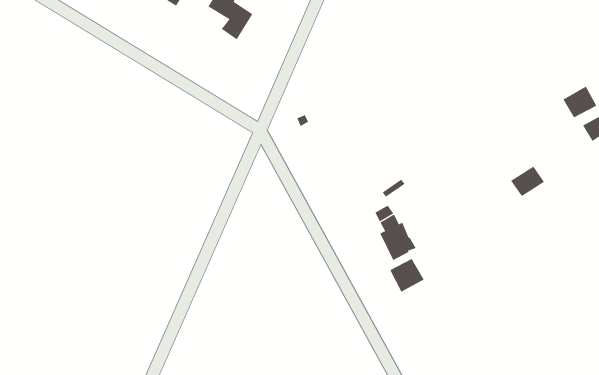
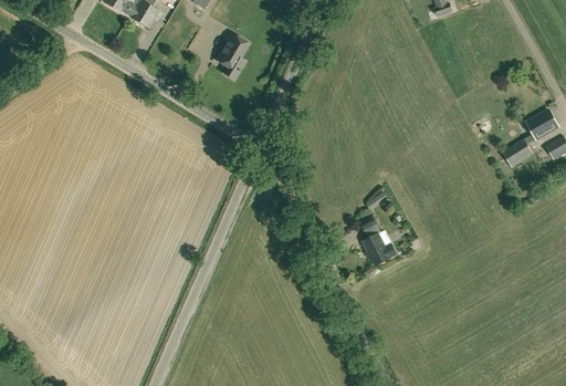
building: [510,166,545,197] -> [501,137,532,165]
building: [389,258,425,292] -> none

